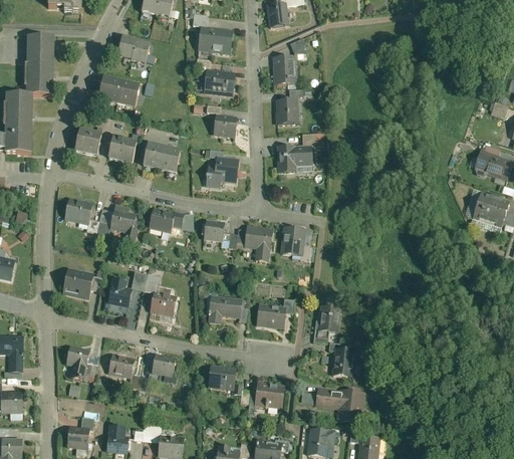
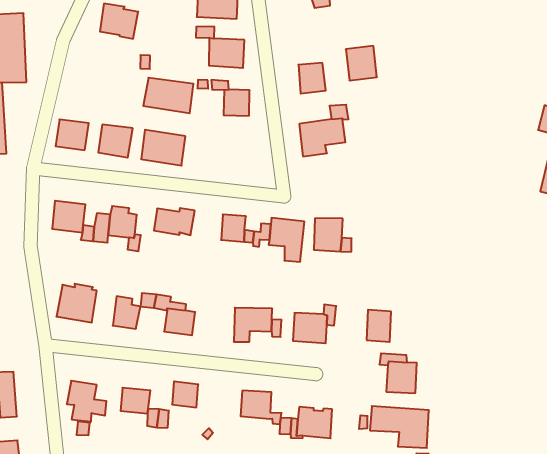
building: [275,55,299,82] -> [346,46,377,80]
building: [95,76,139,108] -> [143,78,194,113]
building: [206,156,238,187] -> none

